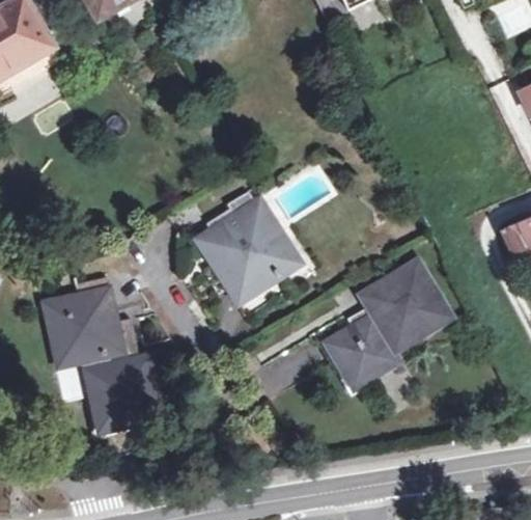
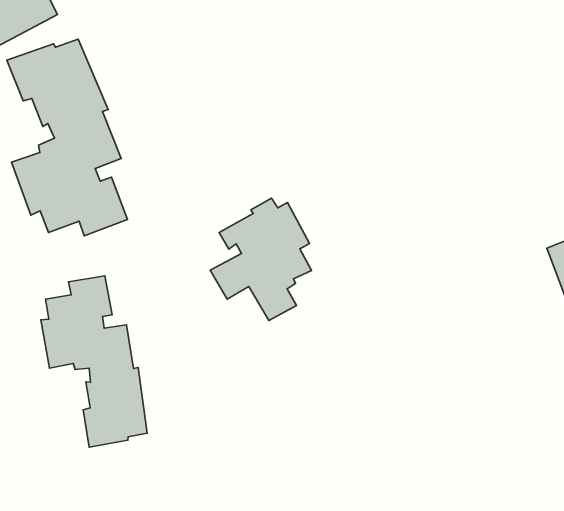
building: none -> [7,39,127,236]
building: [318,268,446,388] -> none

